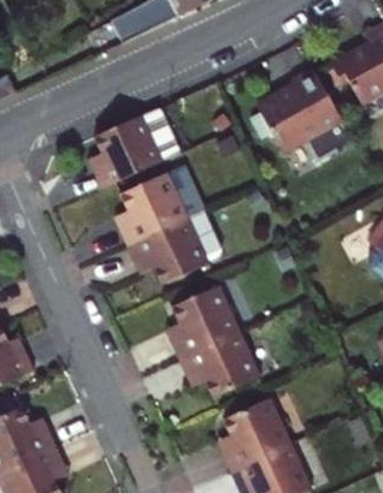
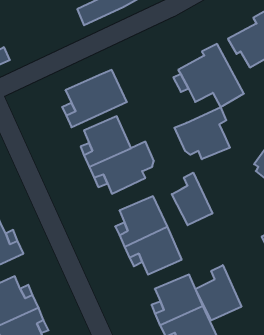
building: none -> [174,107,230,159]
building: none -> [172,173,212,225]
building: none -> [195,265,241,320]

